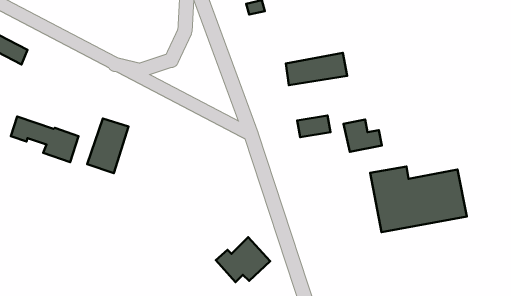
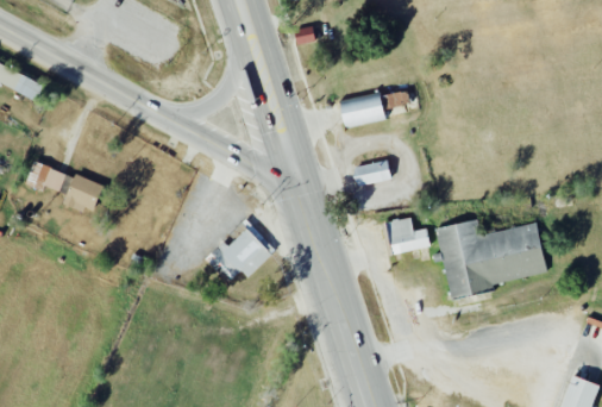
building: [87,118,128,173] -> none
building: [343,120,382,152] -> [387,217,431,253]
building: [216,237,270,282] -> [211,227,272,278]

